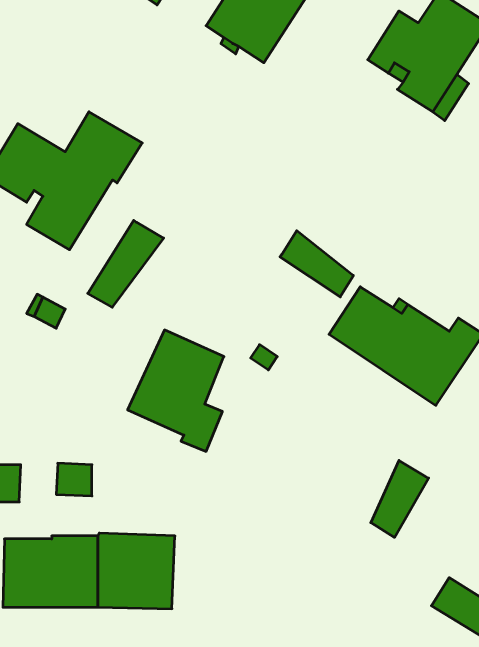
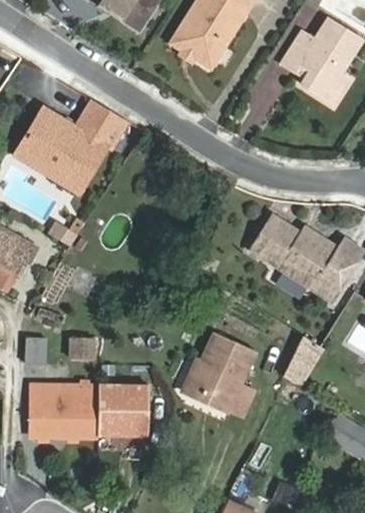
building: [88,220,164,307] -> none
building: [280,231,353,297] -> none
building: [128,330,224,451] -> [190,334,255,416]

